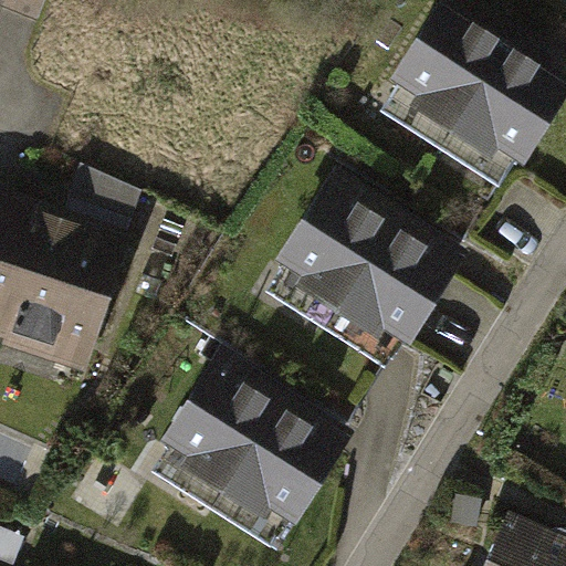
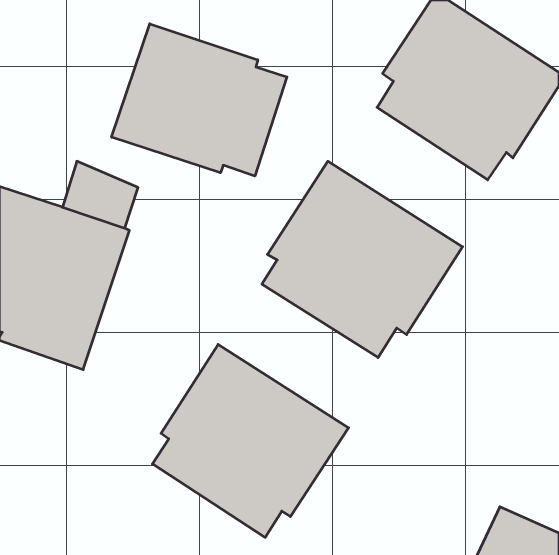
building: none -> [112,24,287,176]

